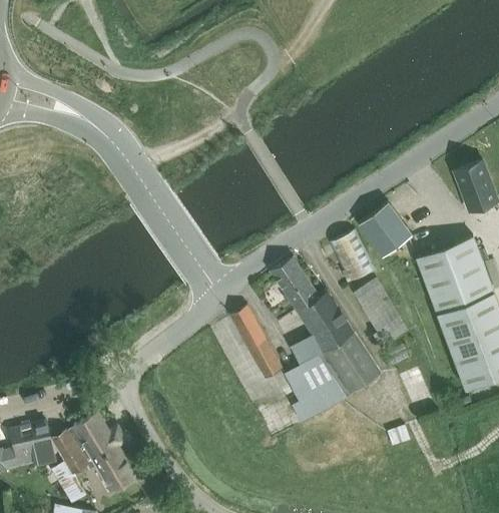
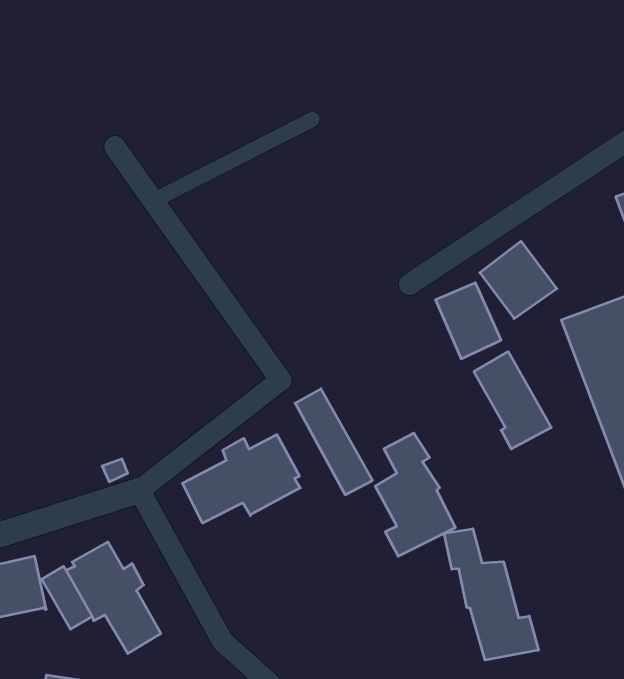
building: [271,258,382,398] -> none
building: none -> [183,435,300,523]
building: none -> [444,529,538,660]

